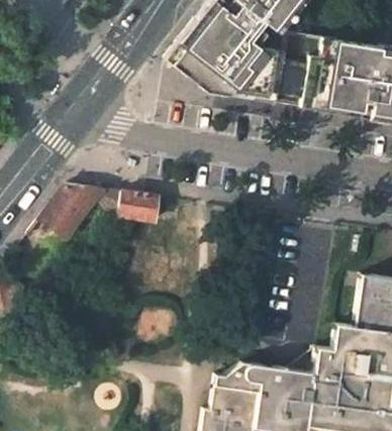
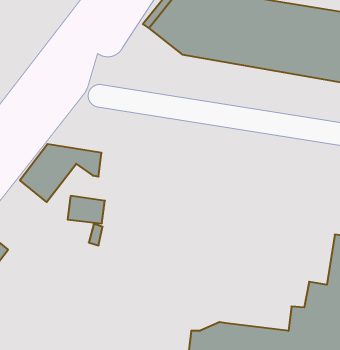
building: [120,191,159,219] -> [68,196,105,223]

